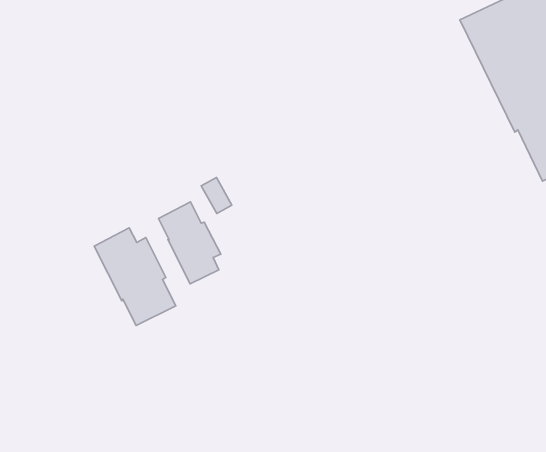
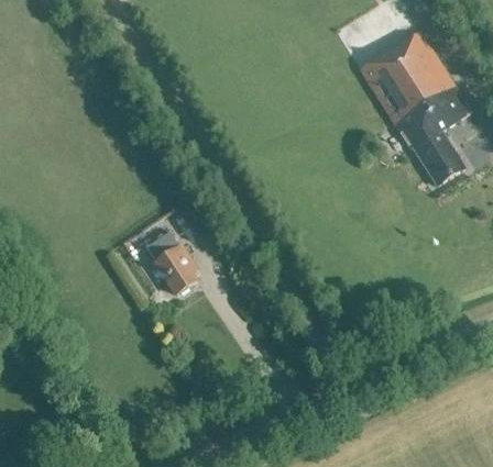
building: [94,228,176,325] -> none

